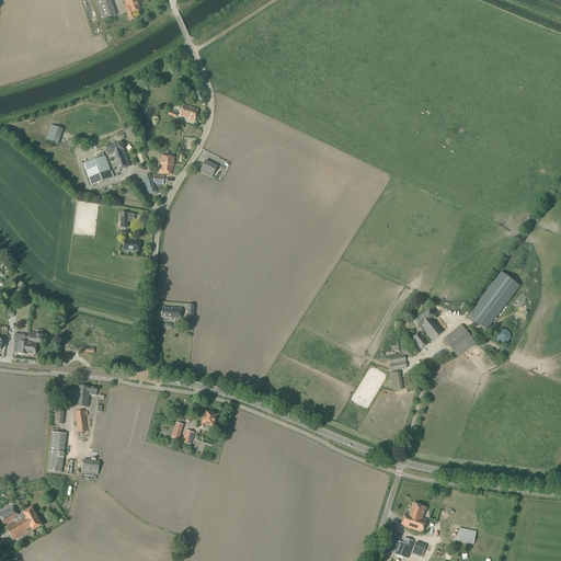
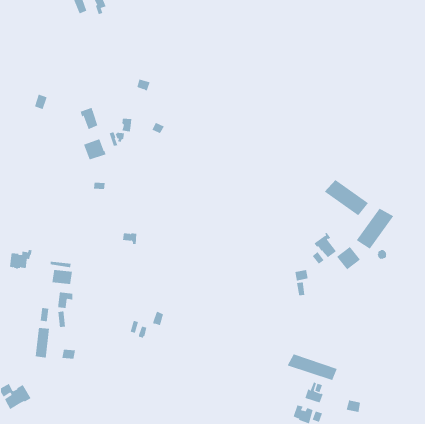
building: [83,156,114,184] -> [83,139,107,160]
building: none -> [324,179,369,216]
building: none -> [52,269,72,285]
building: none -> [287,354,338,381]

